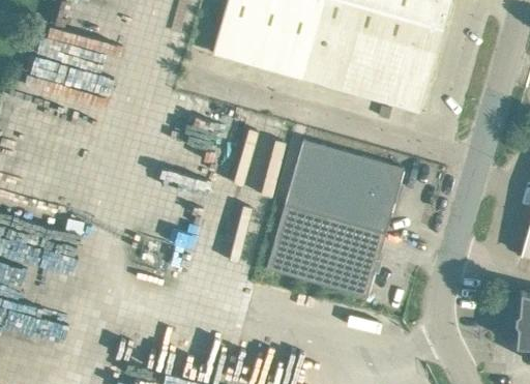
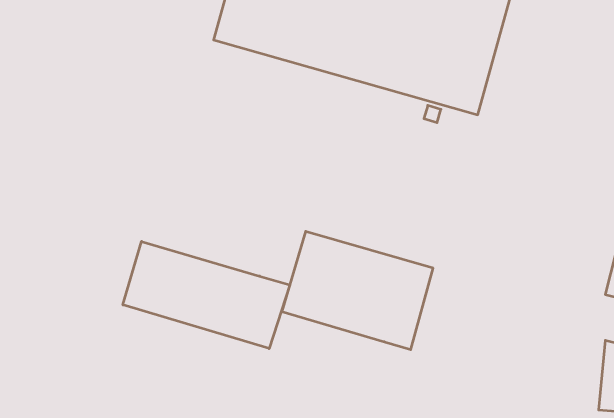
building: [285,137,404,232] -> none
building: none -> [123,241,290,349]

